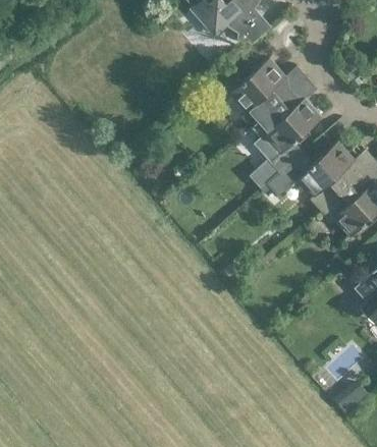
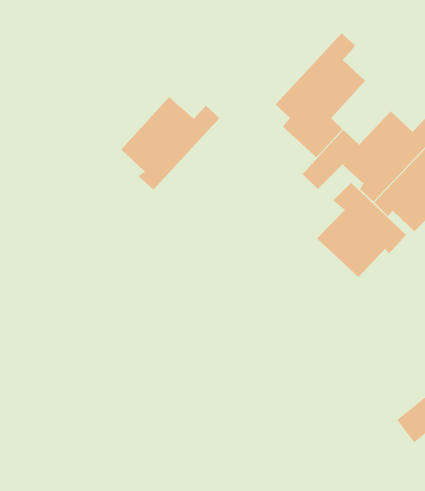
building: [228,58,307,129] -> [121,96,220,190]
building: none -> [316,182,407,278]

